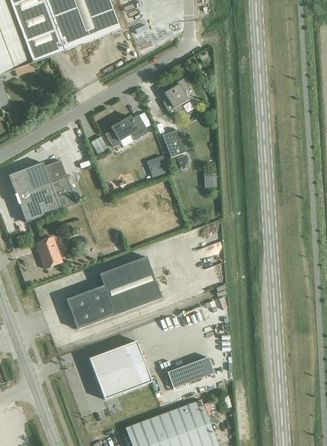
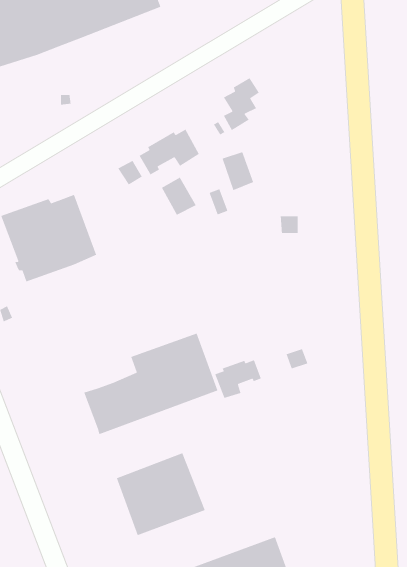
building: none -> [161,176,197,216]
building: [34,236,62,268] -> none
building: none -> [214,359,262,399]
building: [167,359,206,387] -> none

